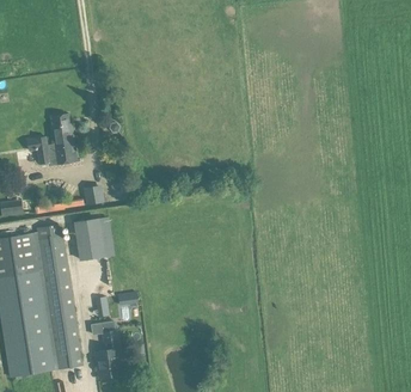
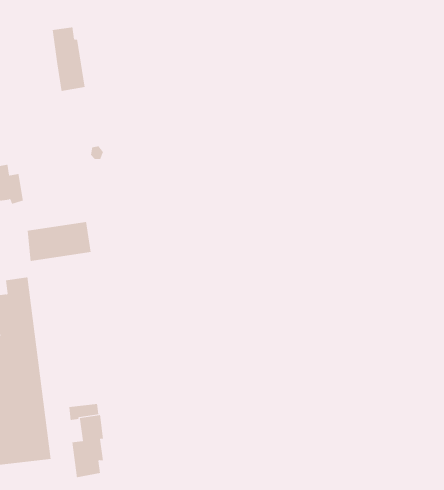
building: [51,114,78,164] -> [52,27,86,92]
building: [73,215,114,261] -> none

